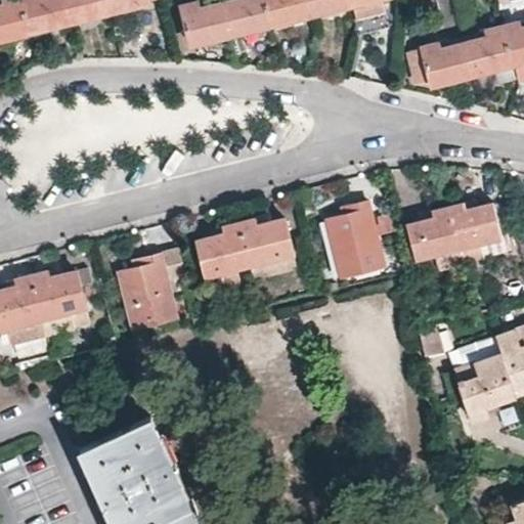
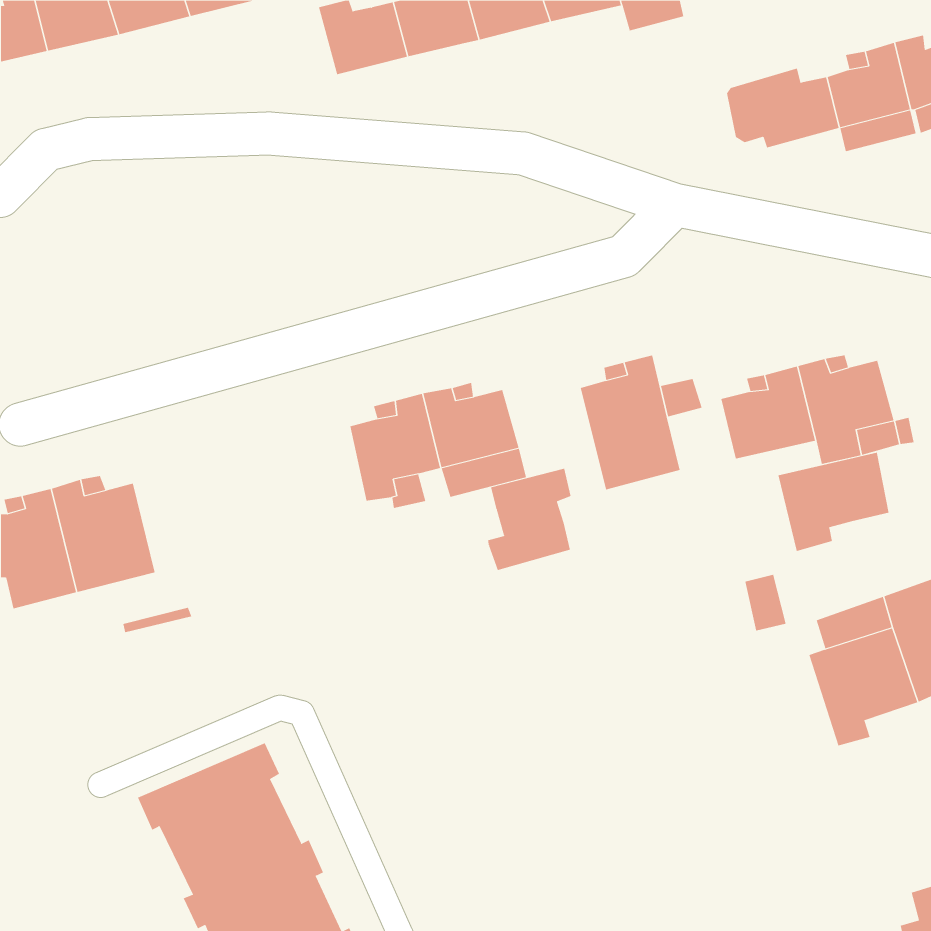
building: [119,248,184,330] -> none
building: none -> [778,452,889,552]
building: none -> [488,468,571,571]

